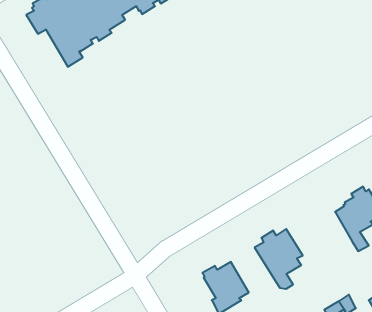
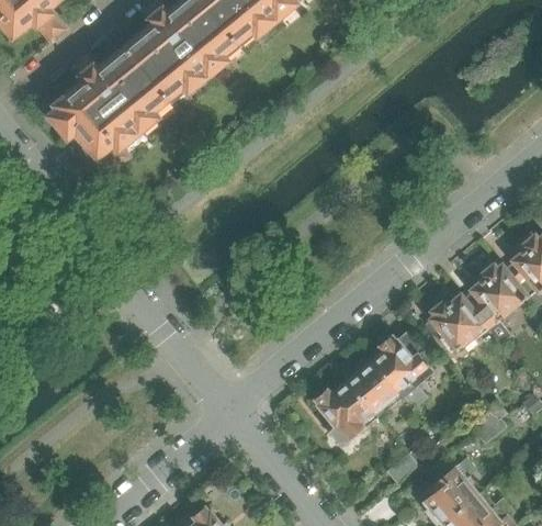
building: none -> [424,296,489,356]
building: none -> [345,359,403,415]

